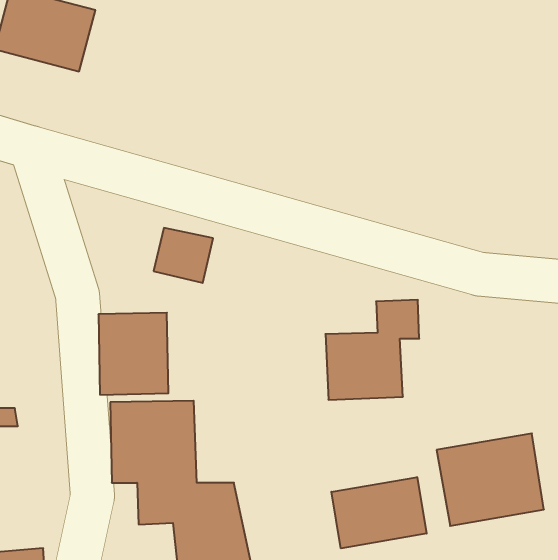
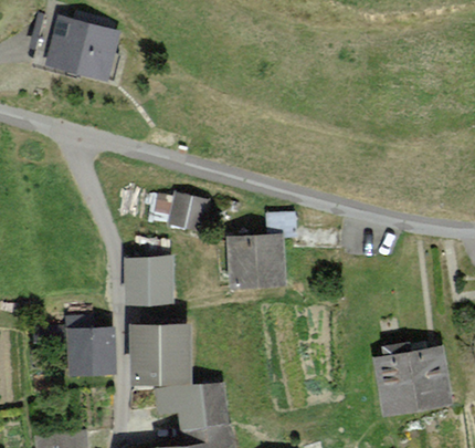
building: [325,300,419,400] -> [225,211,295,285]
building: none -> [66,325,113,374]
building: [331,477,427,548] -> none

